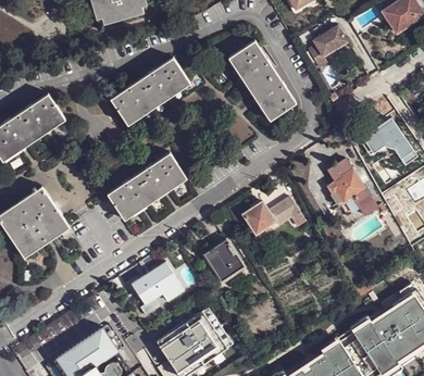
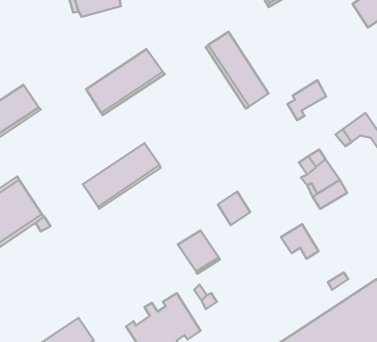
building: [311,32,350,72] -> [287,80,326,120]
building: [267,196,305,230] -> [281,224,318,259]
building: [133,263,185,315] -> none

